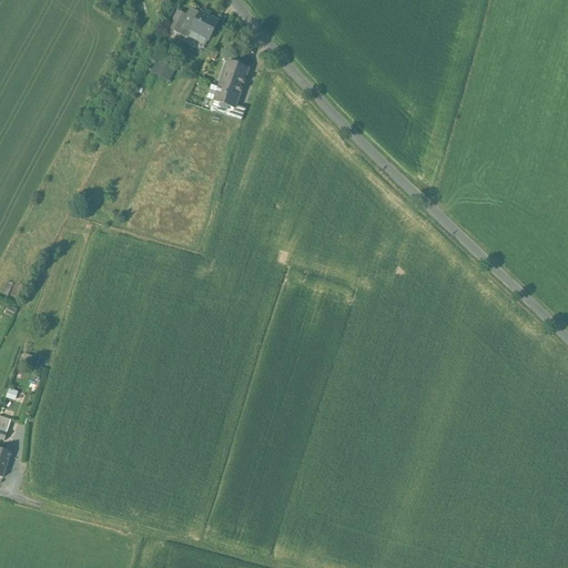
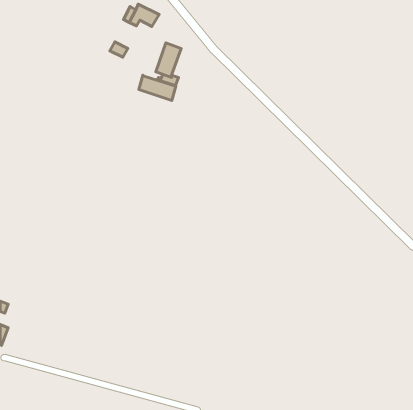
building: none -> [139,75,176,100]

